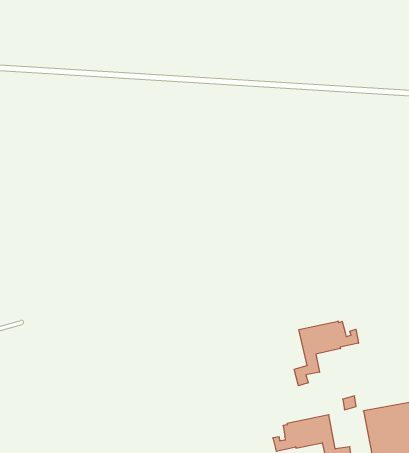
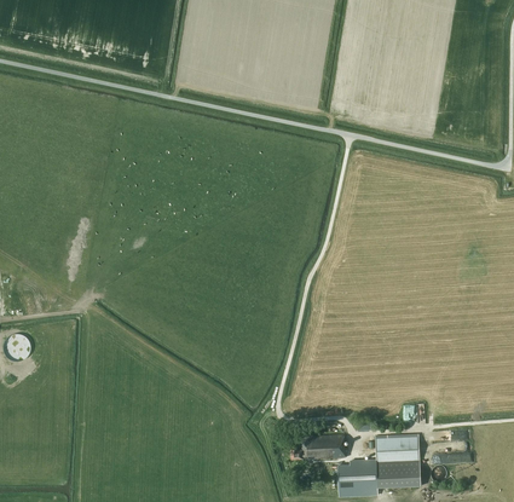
building: [294,321,358,386] -> none

